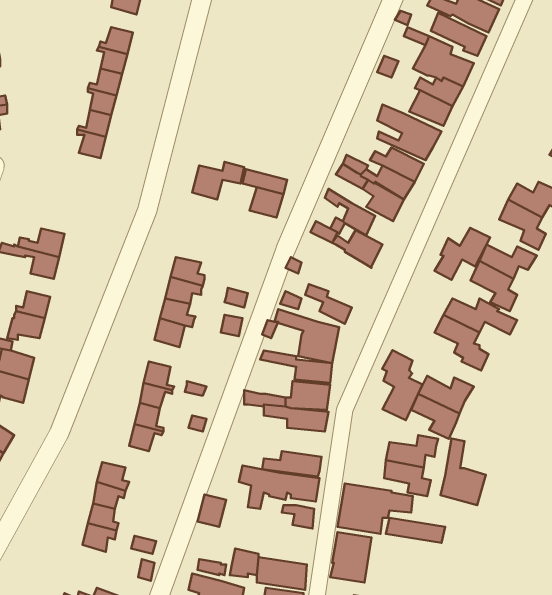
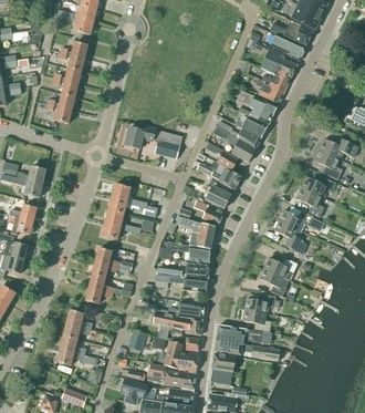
building: [434,228,490,280] -> none
building: none -> [205,176,231,208]
building: [382,350,423,420] -> none
building: [441,439,486,505] -> none
building: none -> [164,341,198,371]

